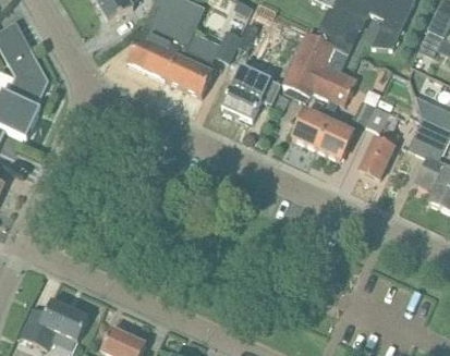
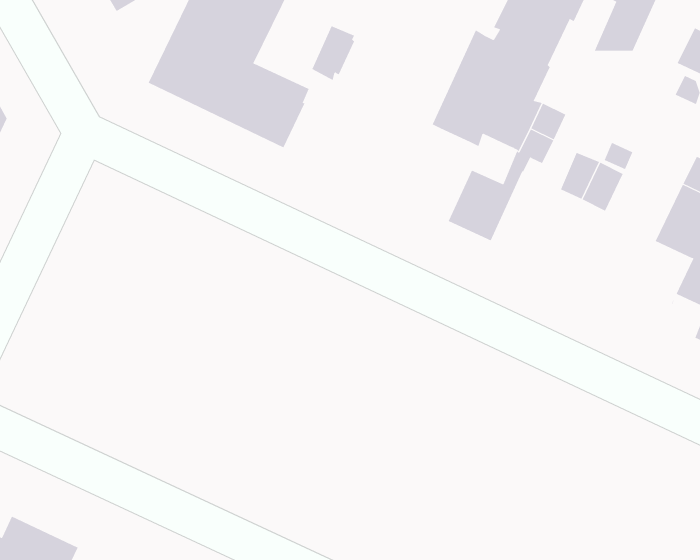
building: [221,66,280,120] -> none
building: [316,110,354,160] -> none
building: [358,126,399,179] -> none

